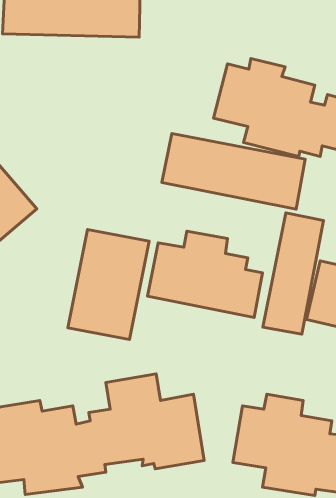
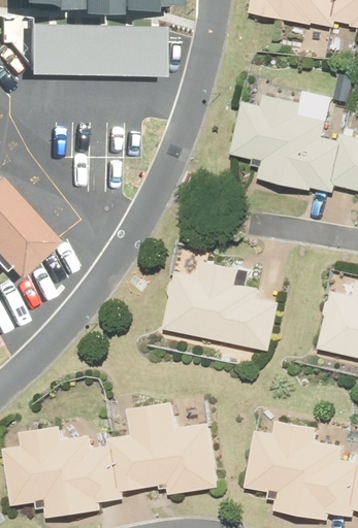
building: [162,134,305,209] -> none
building: [263,213,324,334] -> none
building: [68,229,149,340] -> none

